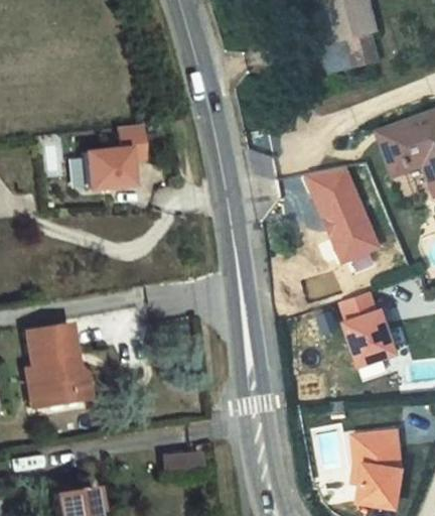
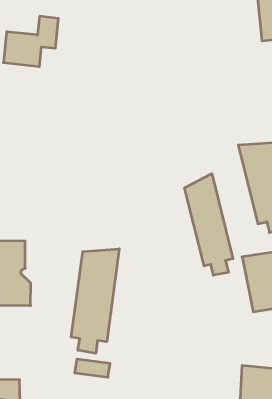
building: [89,131,148,192] -> [3,16,58,67]
building: none -> [185,174,233,275]
building: none -> [71,249,119,353]

